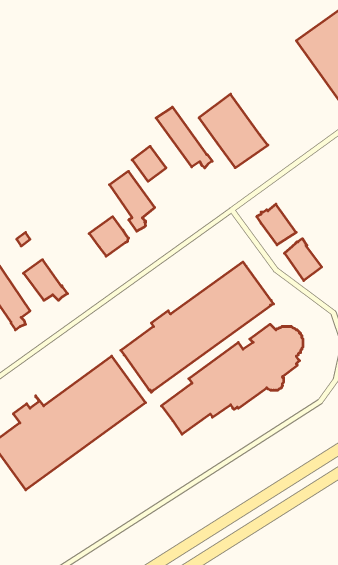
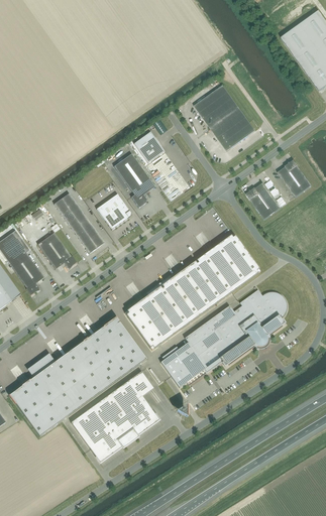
building: [156,107,212,168] -> none
building: none -> [53,191,104,252]
building: [284,239,322,281] -> [278,158,311,196]
building: none -> [71,370,158,461]

